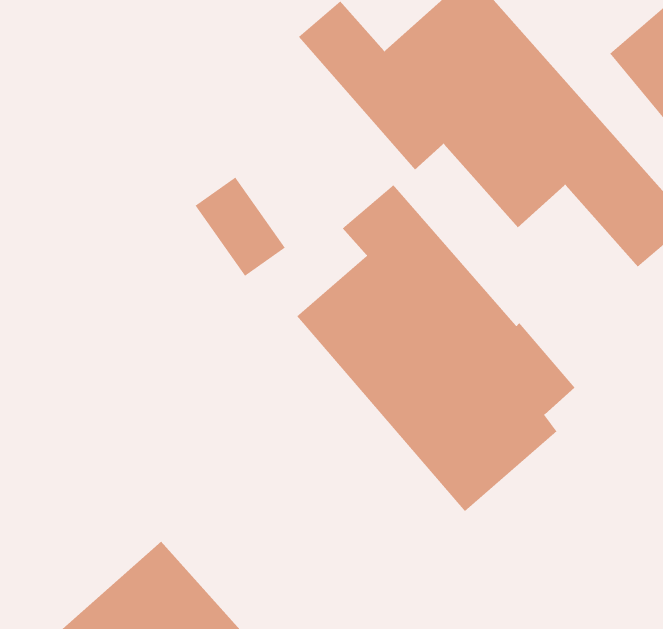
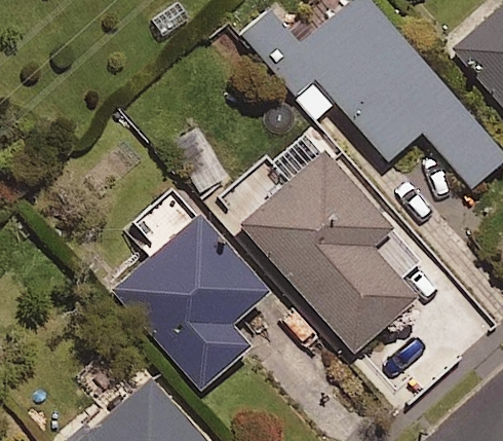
building: none -> [115,194,265,391]

